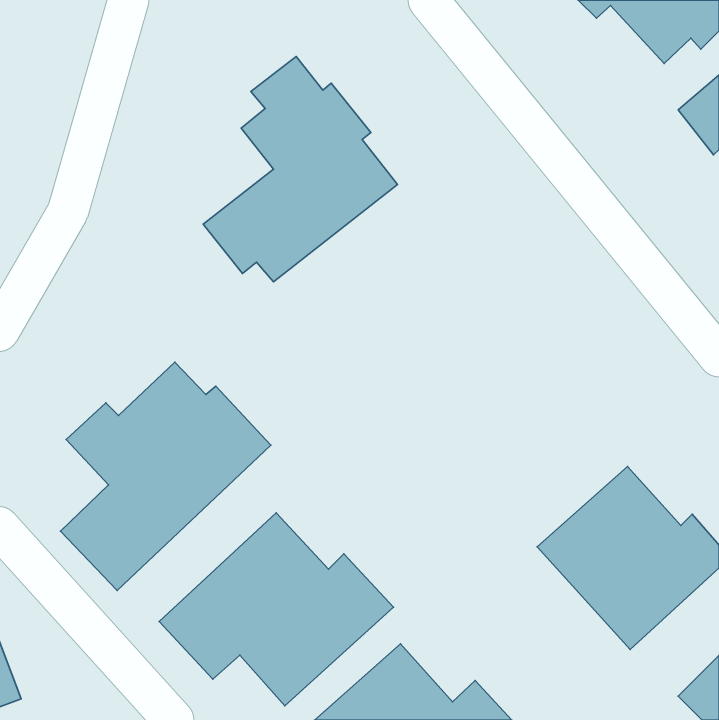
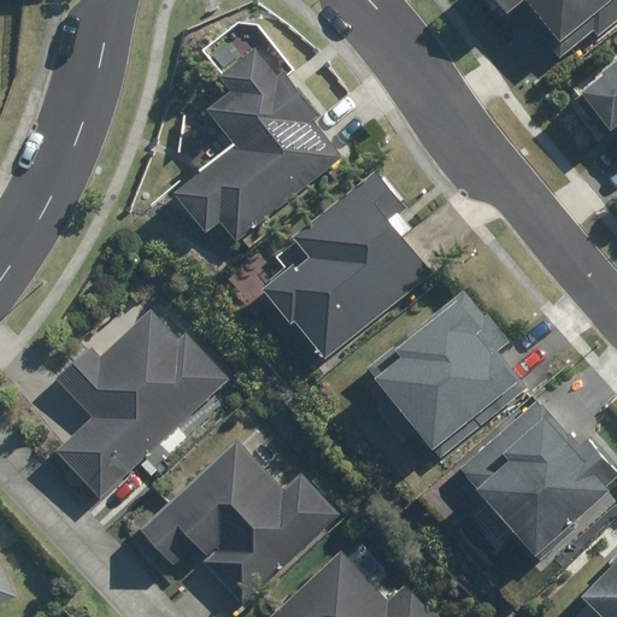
building: none -> [259,168,430,363]
building: none -> [366,290,528,459]

